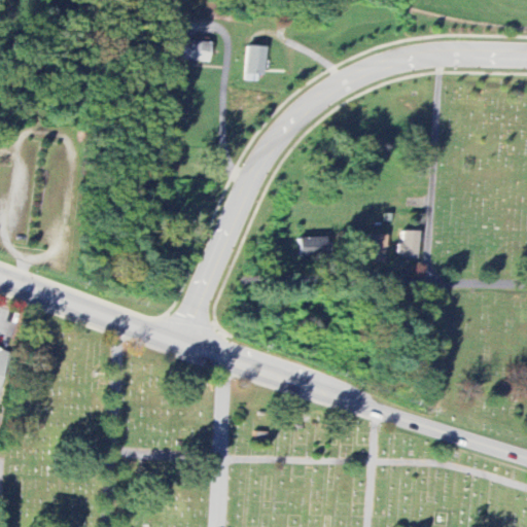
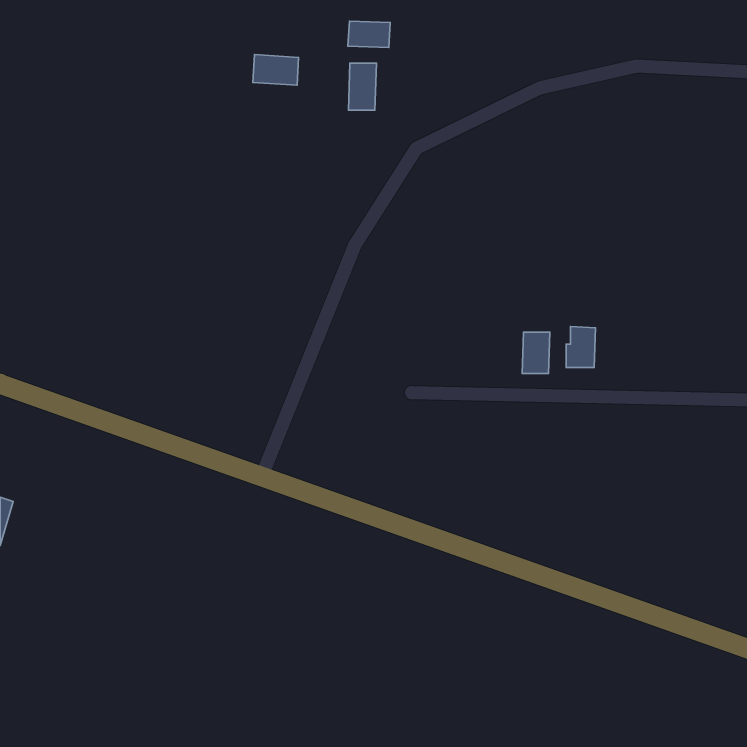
building: none -> [348,21,390,48]
building: [300,236,328,255] -> none

